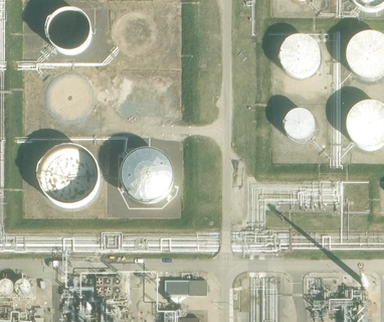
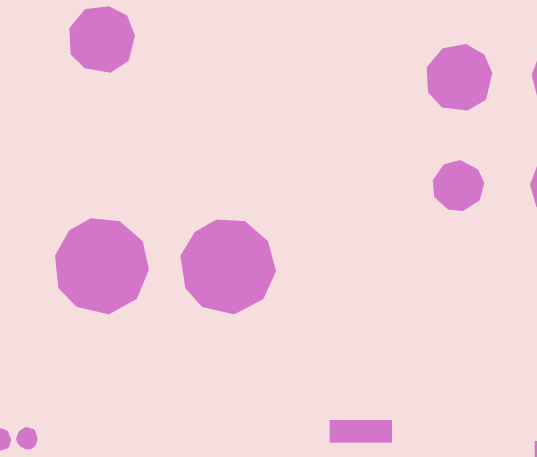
building: [165,279,206,294] -> [329,420,393,443]

